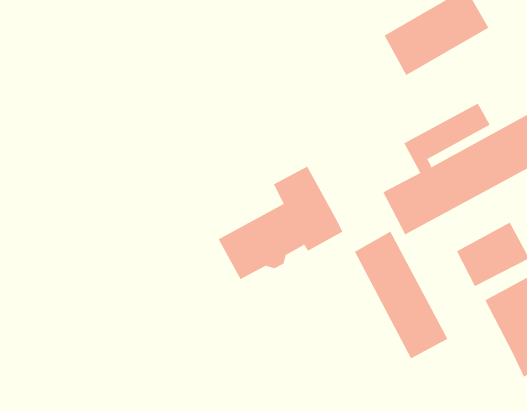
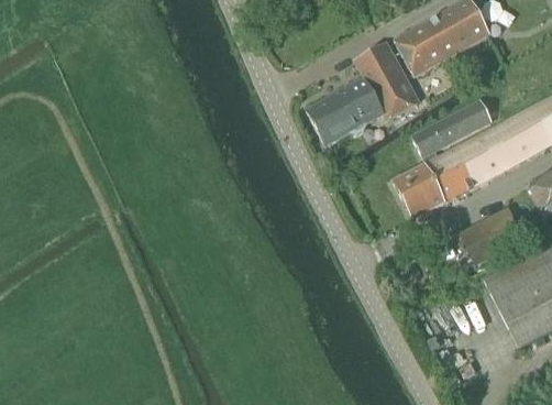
building: [218,166,343,280] -> [307,43,419,145]
building: [354,231,448,359] -> none

